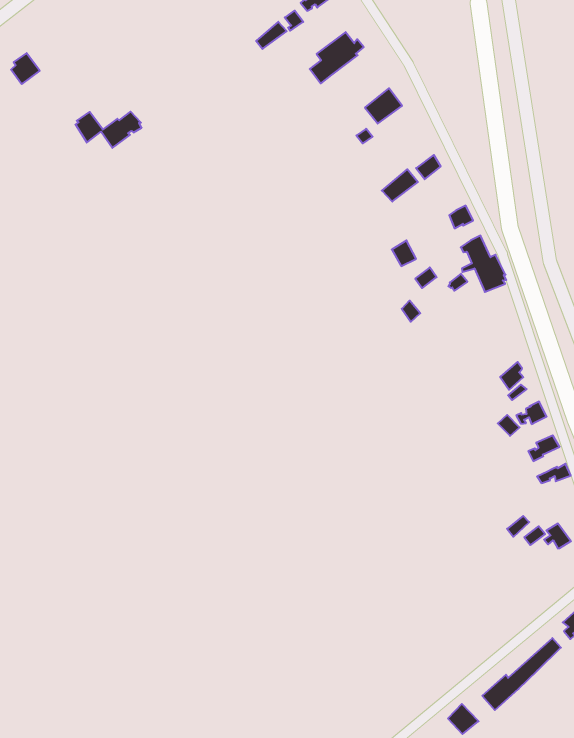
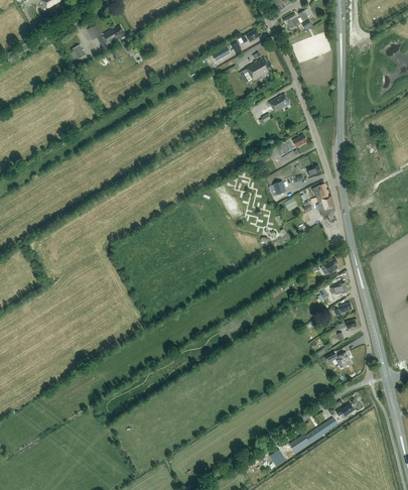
building: [75,112,142,148] -> [88,23,125,45]

